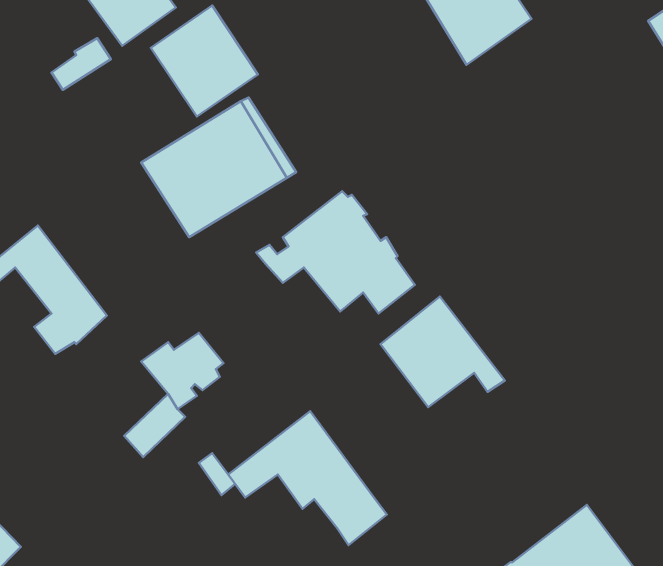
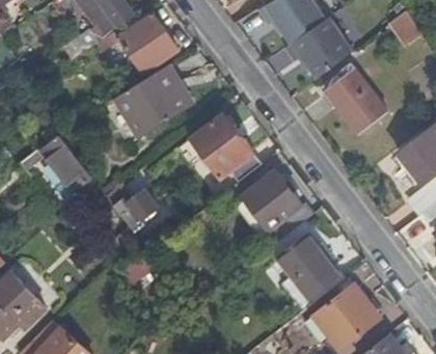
building: none -> [290,19,353,80]
building: none -> [324,70,386,135]
building: [228,411,387,545] -> [254,225,340,298]

